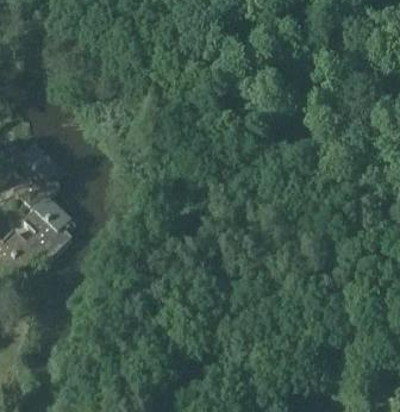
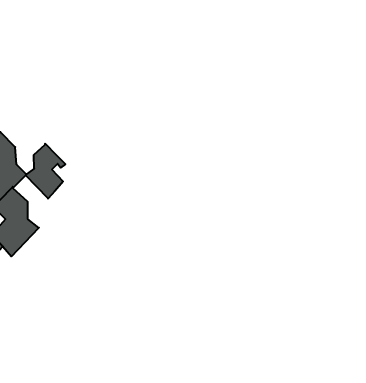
building: none -> [26,144,65,199]

